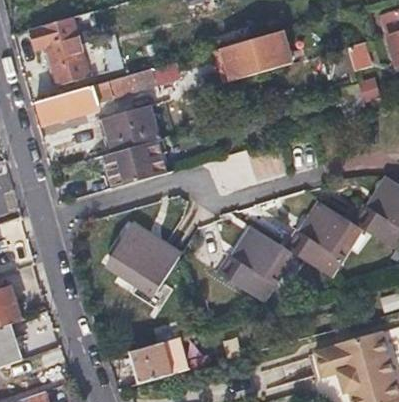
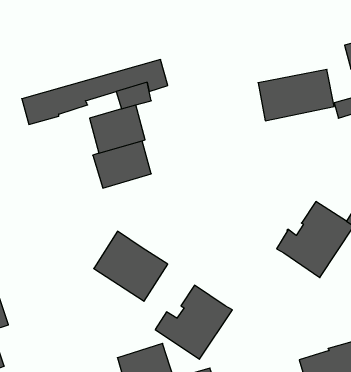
building: [29,17,92,86] -> none
building: [225,34,299,84] -> [258,69,334,121]
building: [217,226,292,298] -> [155,285,232,359]

